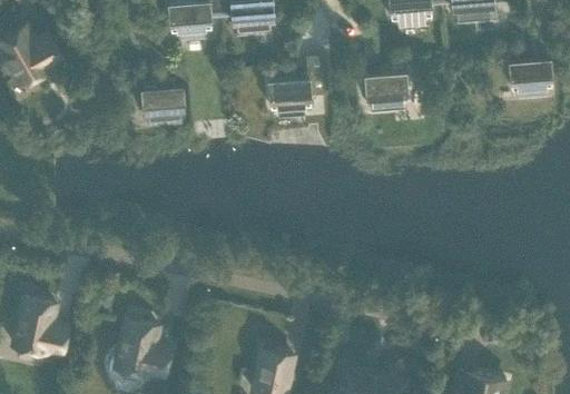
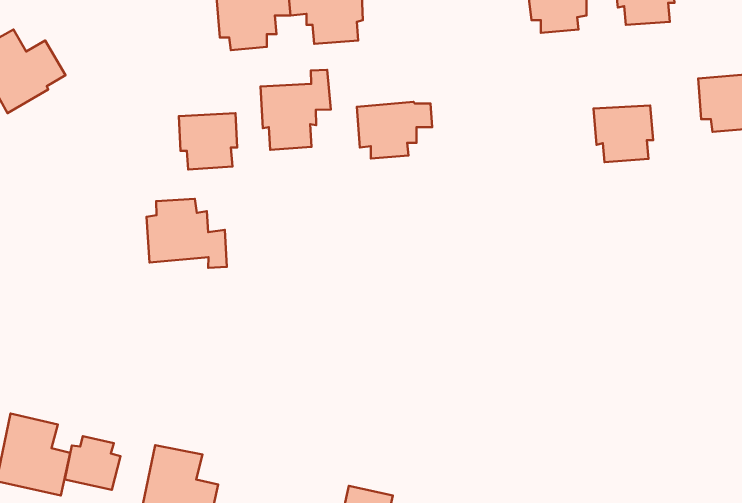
building: none -> [261,70,331,150]
building: [364,71,406,111] -> [593,105,653,162]
building: none -> [146,199,227,268]
building: none -> [65,436,120,490]

